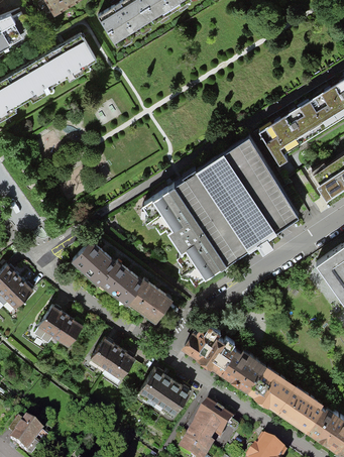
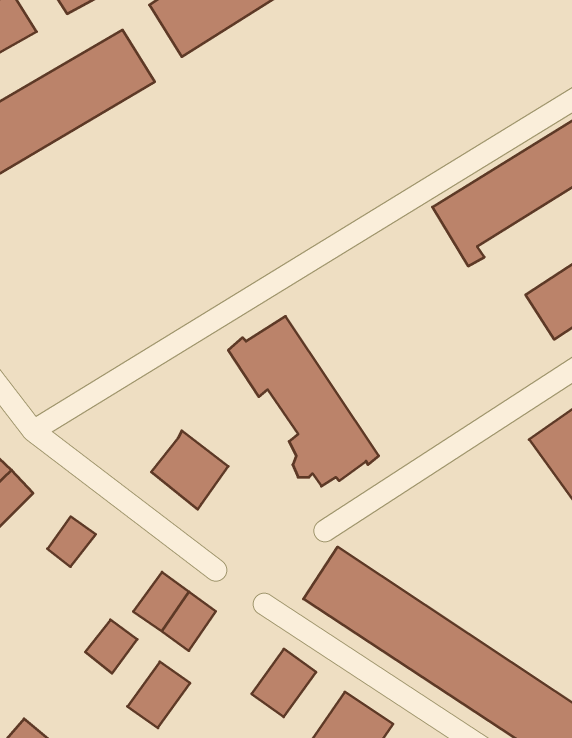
building: [175,141,299,269] -> none
building: [72,237,114,281] -> none
building: [127,272,174,318] -> none
building: [53,314,83,344] -> [85,620,137,673]
building: [138,366,174,404] -> [127,662,190,728]

